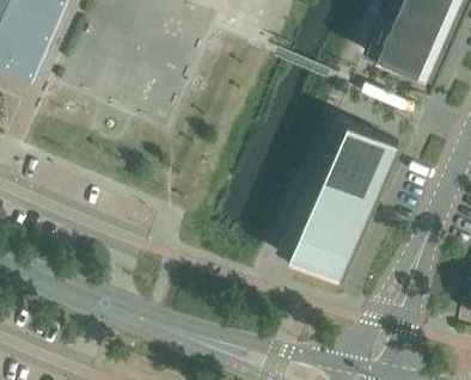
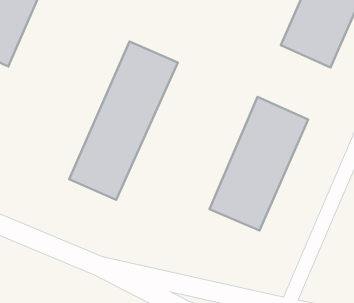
building: none -> [69,42,178,200]

